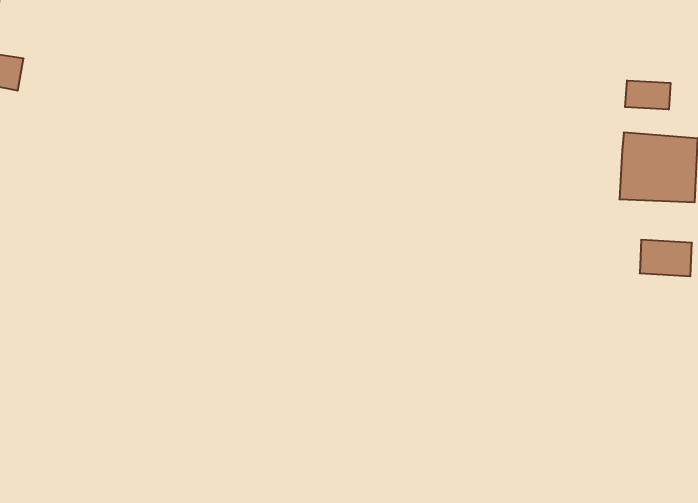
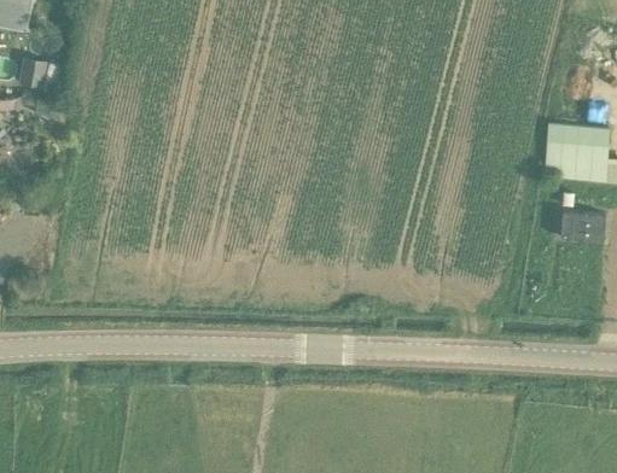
building: [625,80,671,110] -> none

